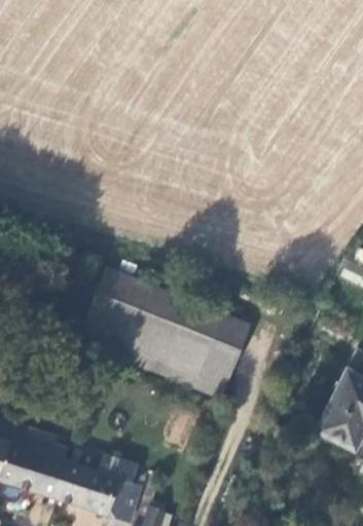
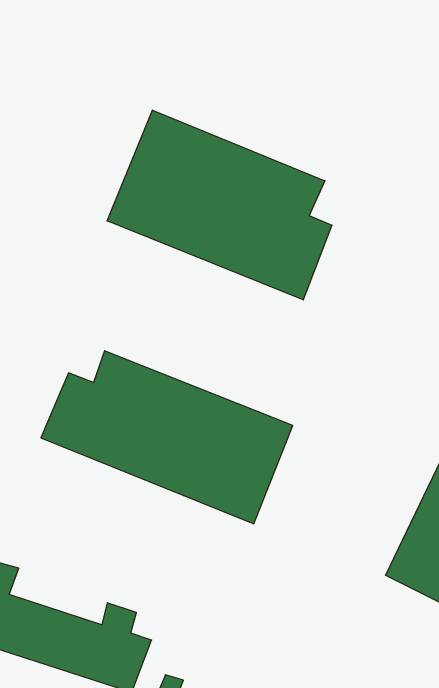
building: none -> [107,110,332,300]

